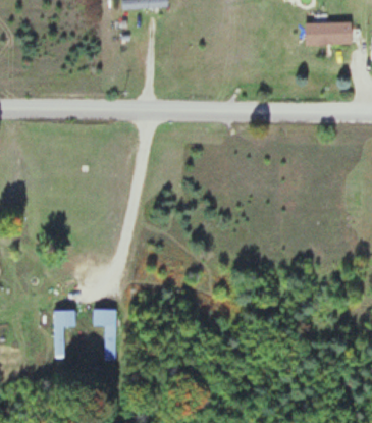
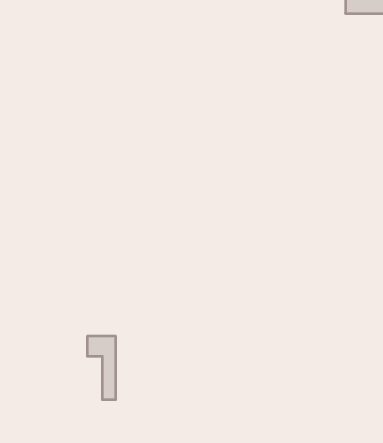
building: [54,311,74,359] -> none

